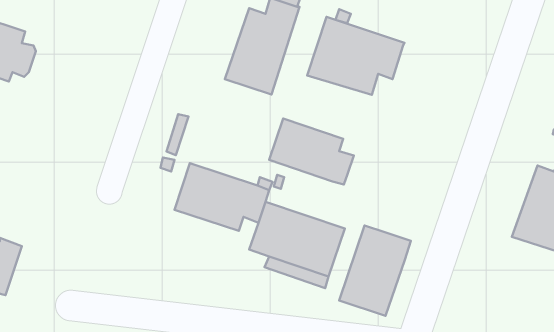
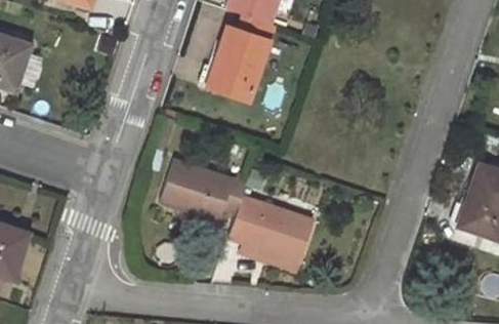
building: [307,17,405,95] -> none
building: [269,118,354,184] -> none
building: [339,225,411,316] -> none

